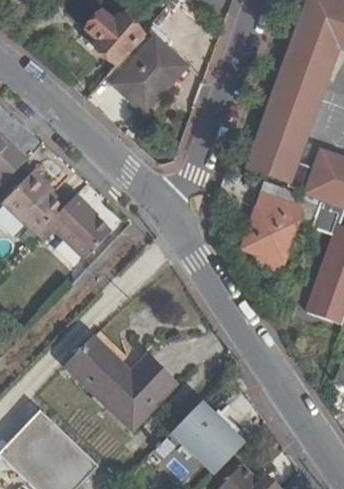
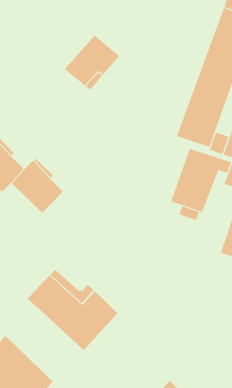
building: [85,9,141,62] -> none
building: [170,404,234,466] -> none

